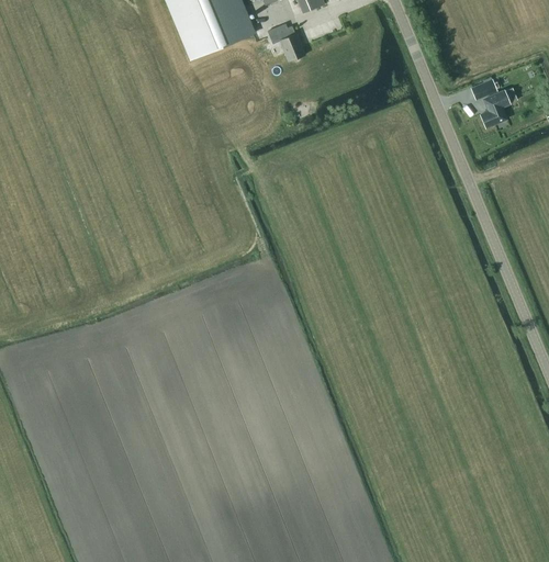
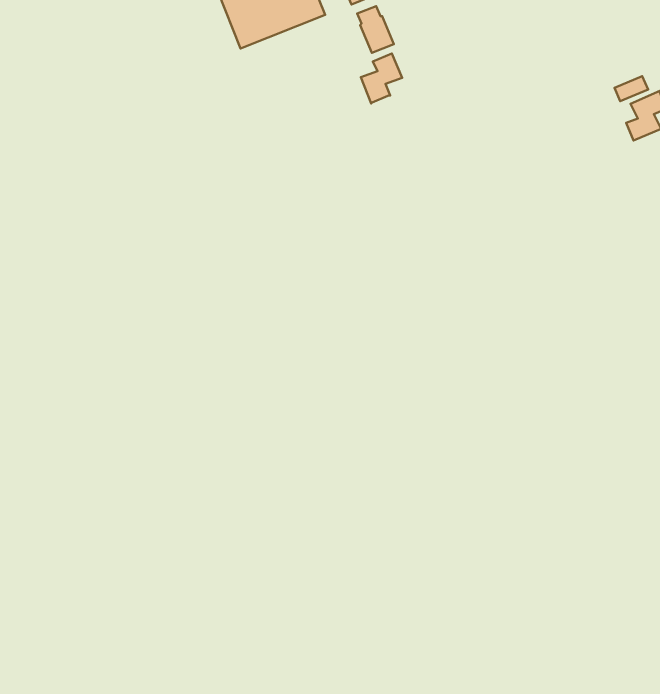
building: none -> [361,53,402,104]

